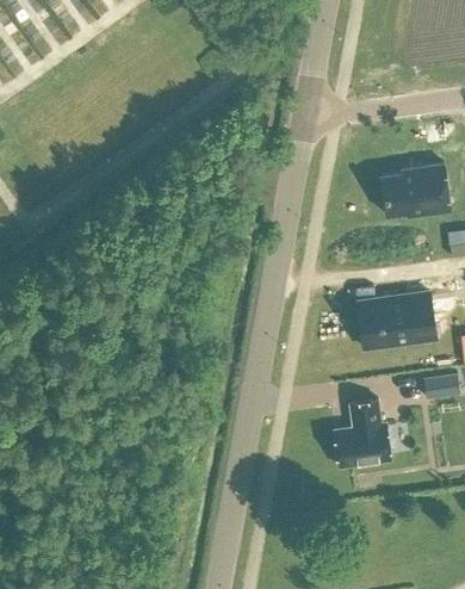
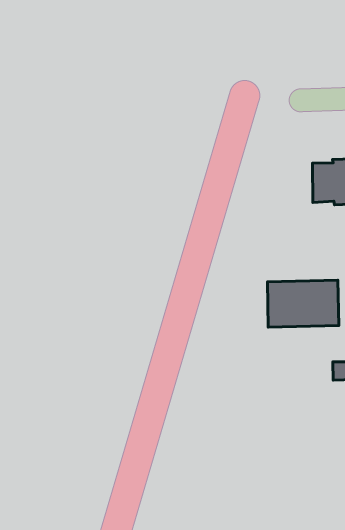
building: [334,398,390,466] -> none

